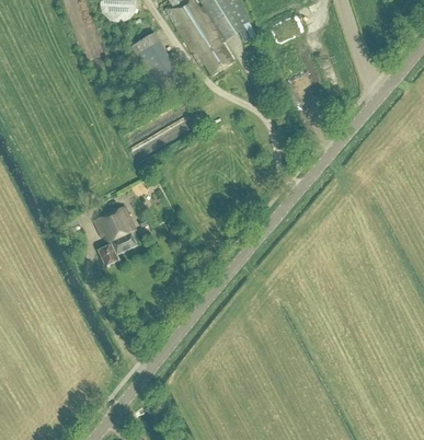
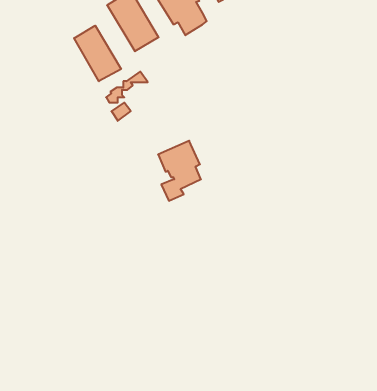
building: none -> [74,26,121,81]
building: [92,205,136,266] -> [158,141,201,201]

